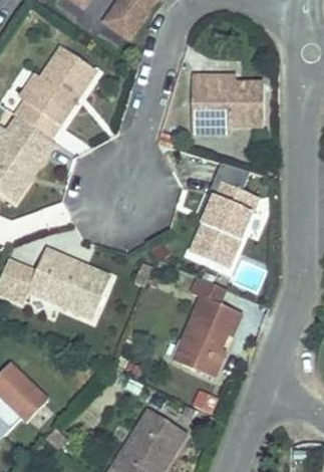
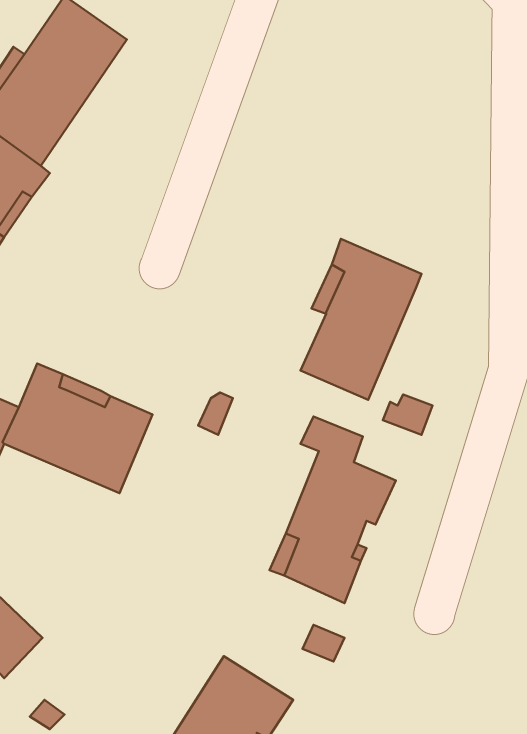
building: [189,75,261,129] -> none

